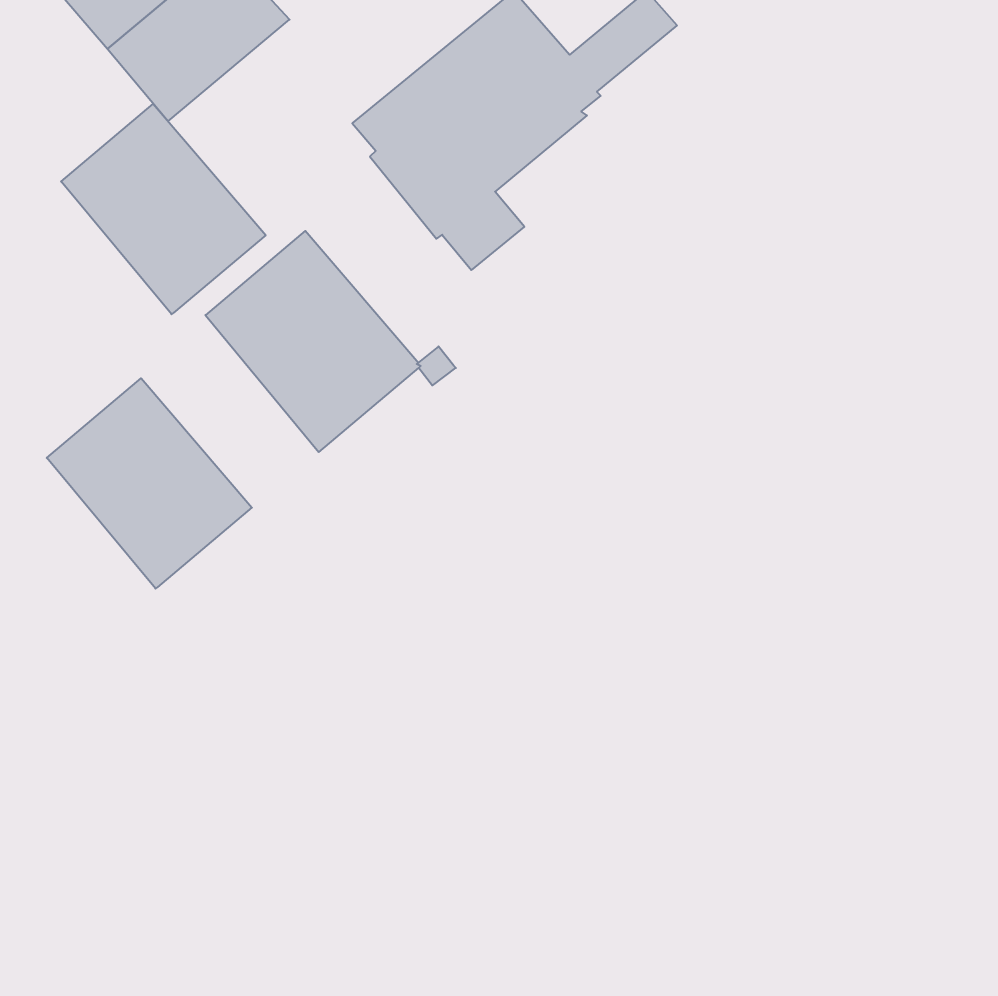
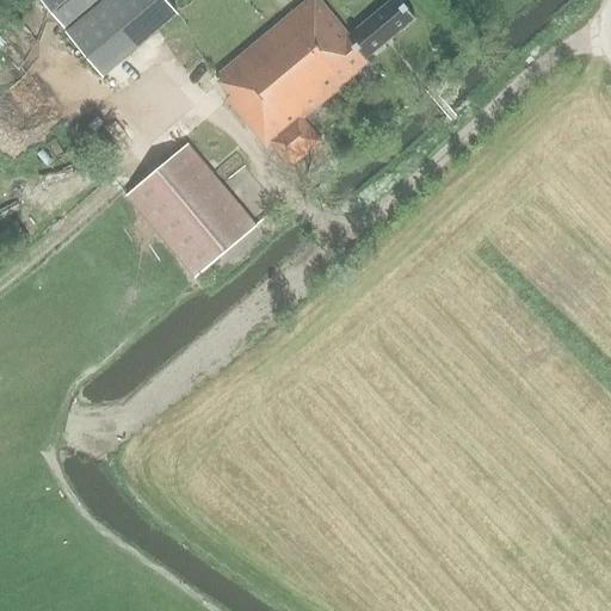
building: [61,104,266,314] -> none
building: [47,378,252,589] -> none

